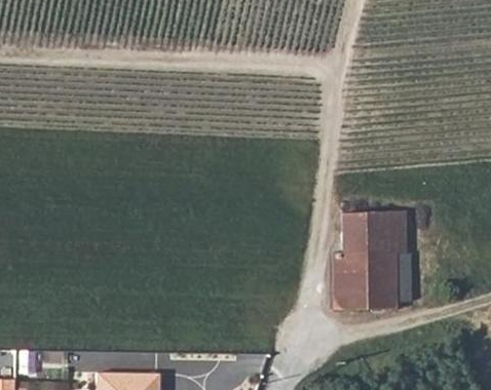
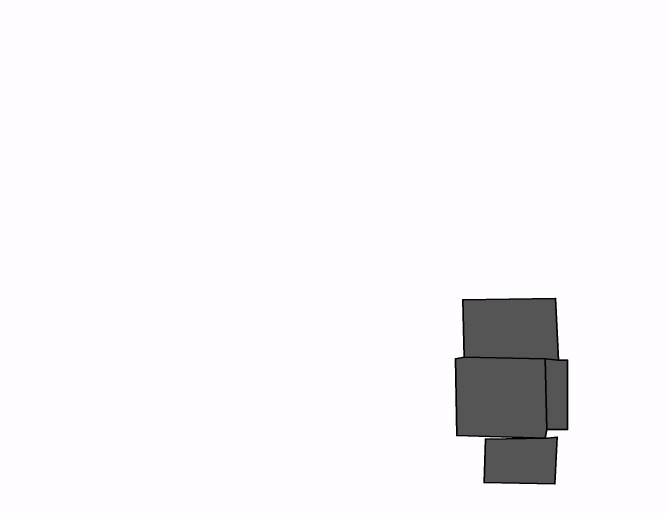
building: none -> [484,437,557,484]

